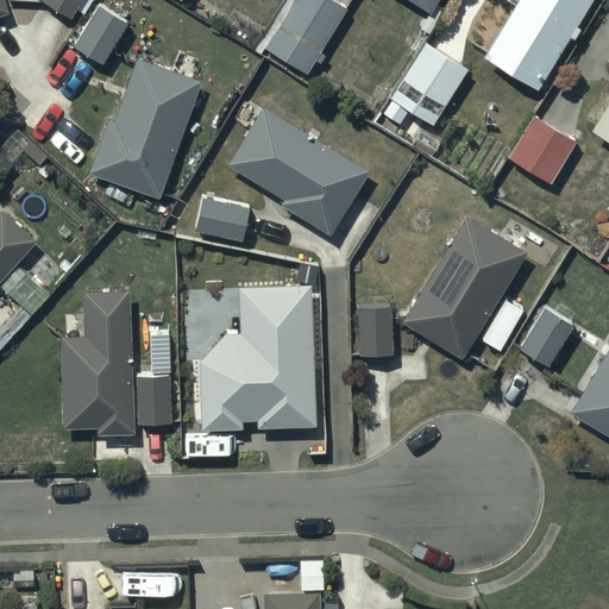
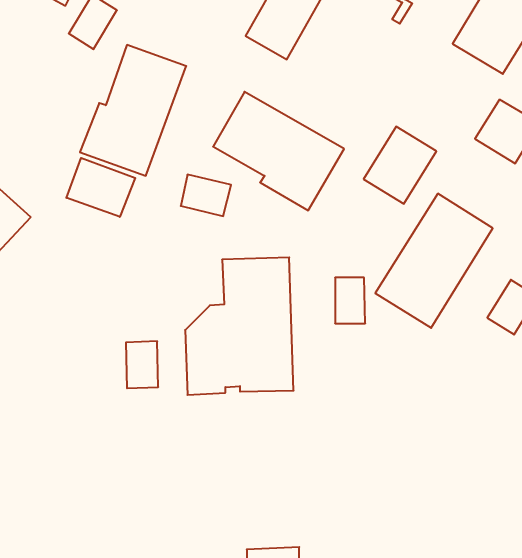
building: [390,43,467,125] -> [364,127,436,204]
building: none -> [66,158,135,217]
building: [62,293,133,437] -> none

